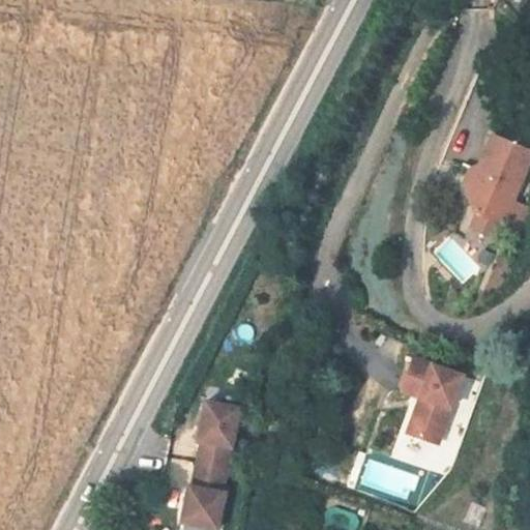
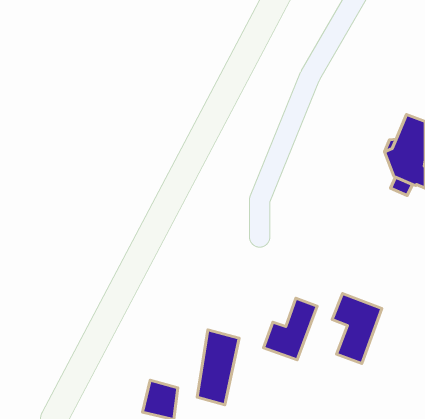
building: none -> [264,298,317,360]
building: [184,384,236,476] -> [197,330,239,405]

